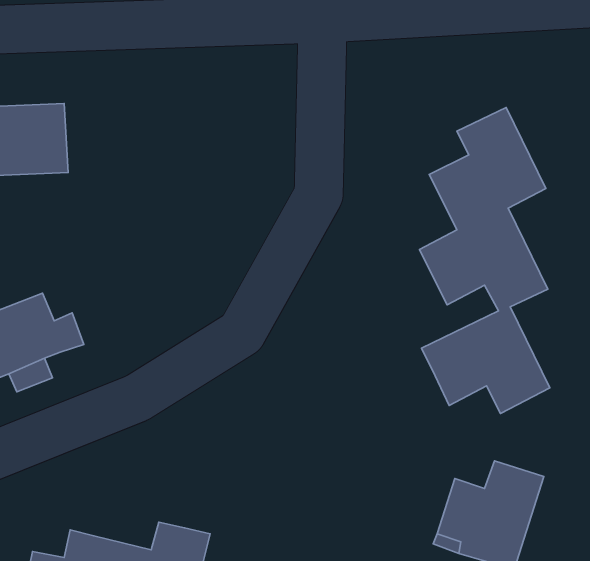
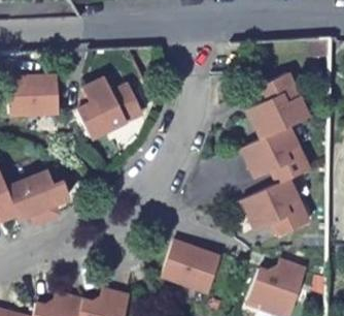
building: none -> [77,80,143,138]
building: none -> [165,240,222,289]

